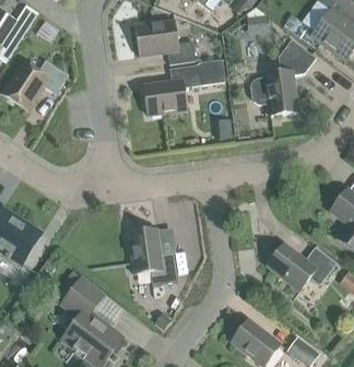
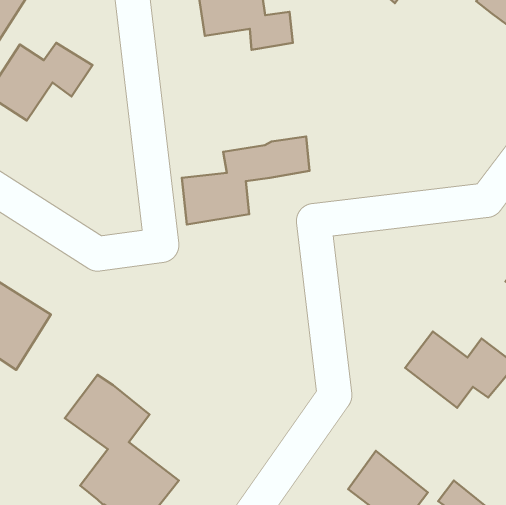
building: [250,39,316,115] -> none
building: [144,59,225,115] -> [182,136,310,225]
building: [129,228,178,284] -> none

